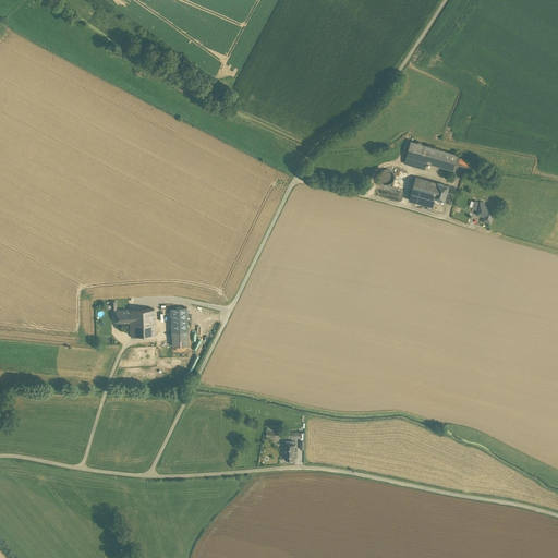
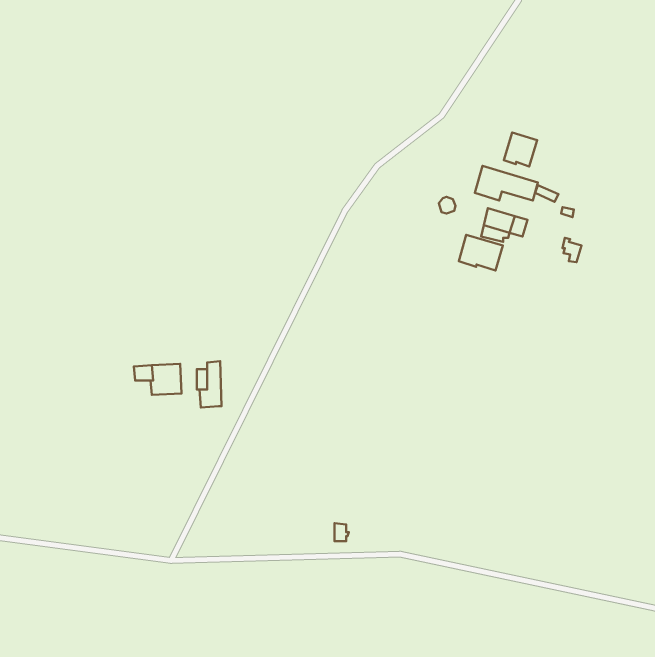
building: none -> [504,133,537,166]
building: none -> [459,235,503,271]

